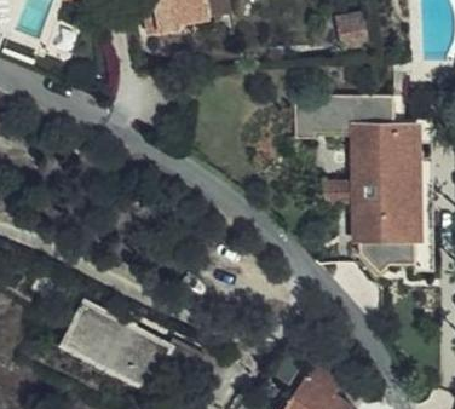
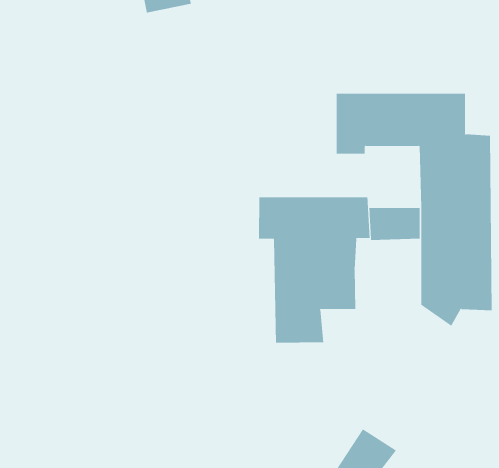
building: none -> [258,196,370,343]
building: [64,299,202,384] -> none

